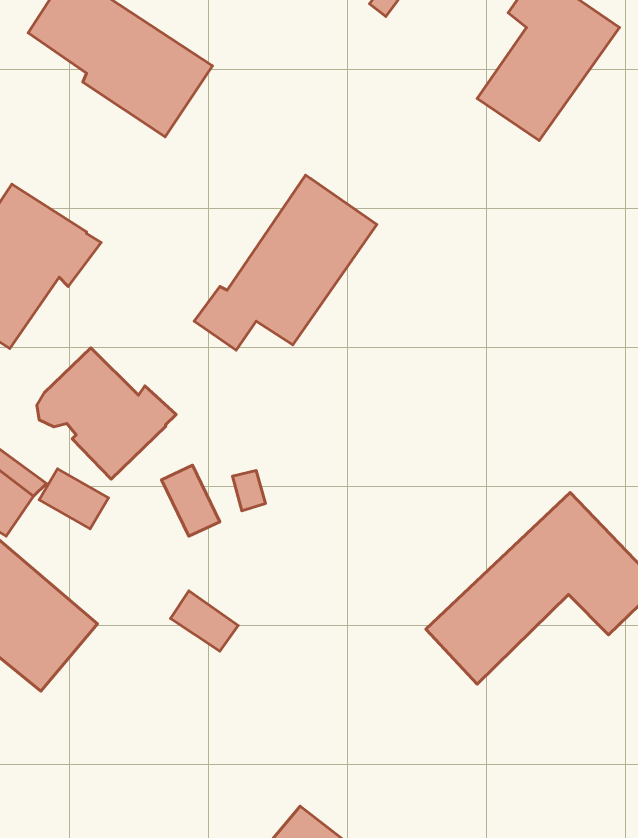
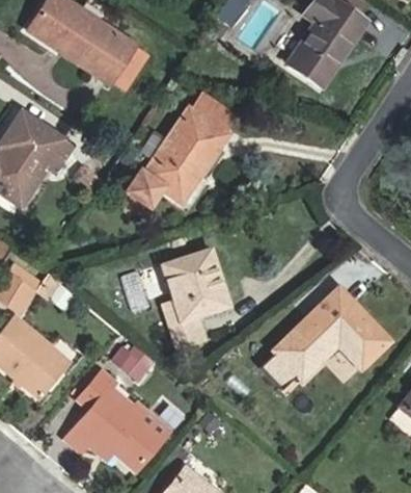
building: none -> [192,90,241,134]
building: [37,348,176,479] -> none
building: none -> [161,248,230,349]
building: none -> [68,371,162,469]

